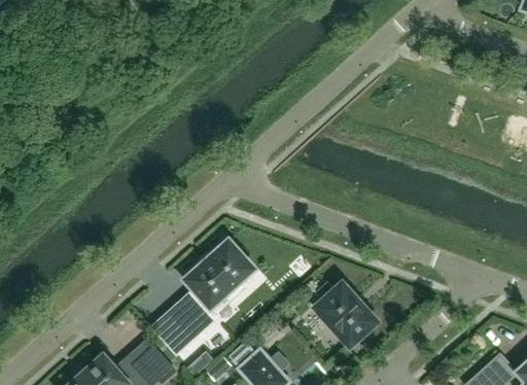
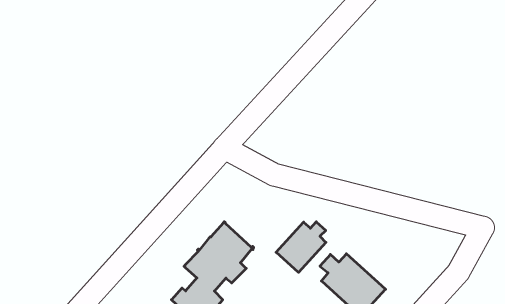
building: none -> [276,222,326,272]

